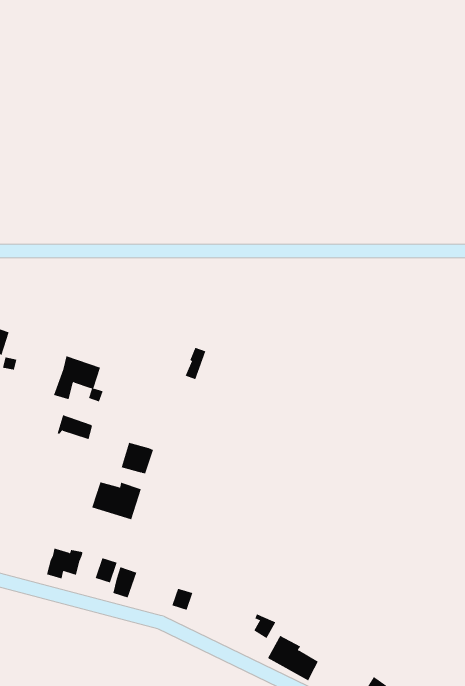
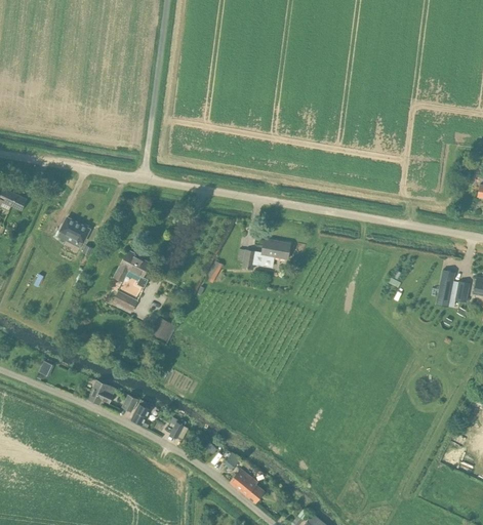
building: none -> [241,239,289,270]
building: [91,482,141,520] -> none

